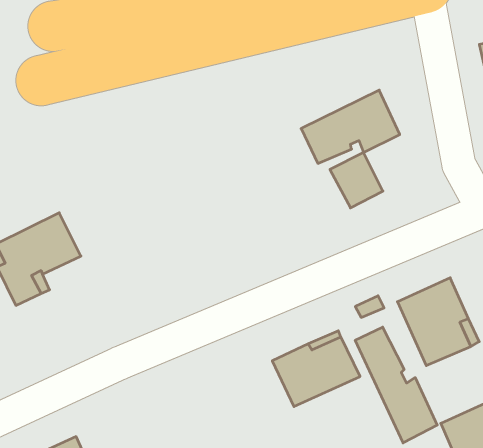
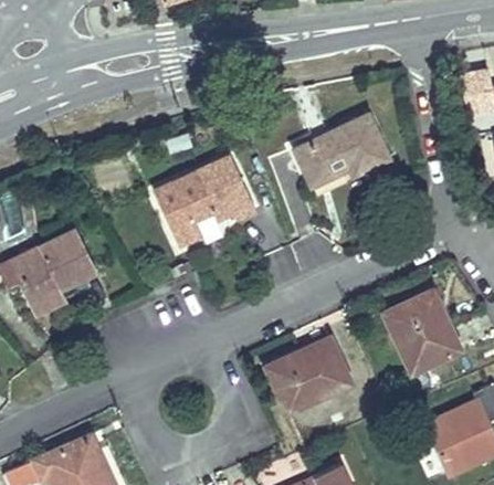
building: none -> [154,157,259,246]
building: [355,327,437,443] -> none

